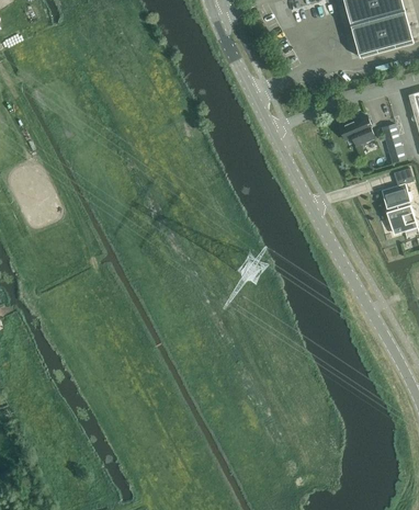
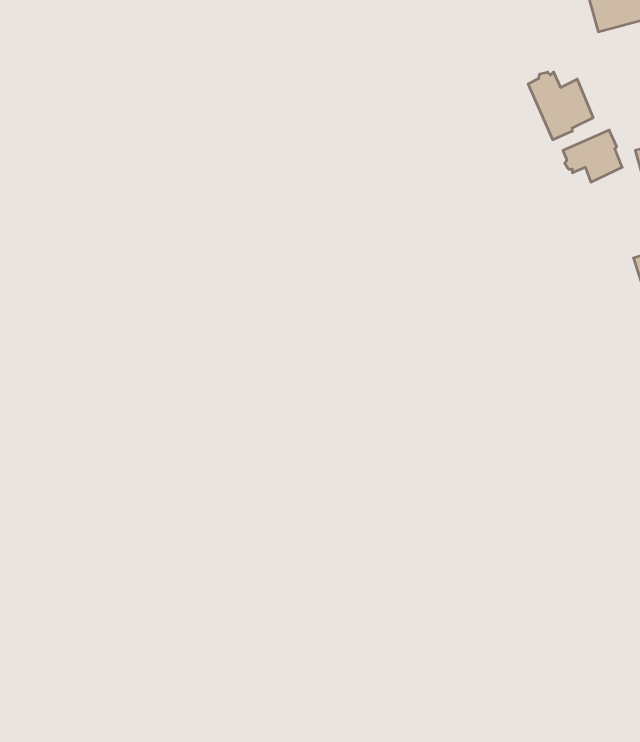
building: none -> [528,72,593,140]

